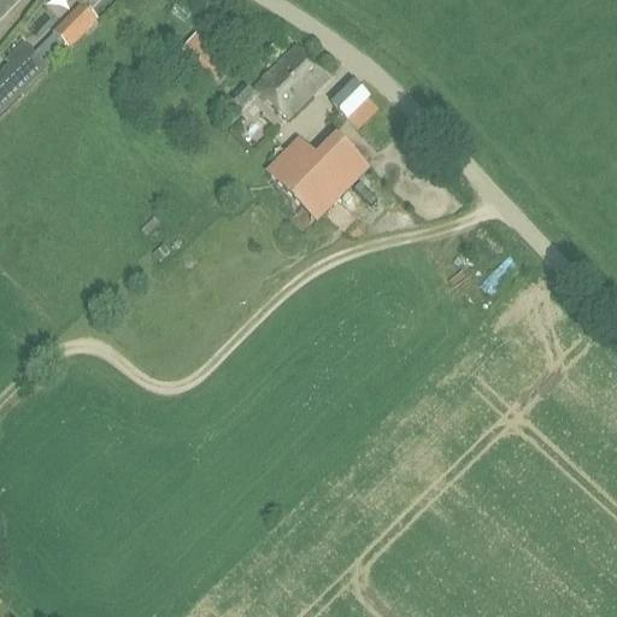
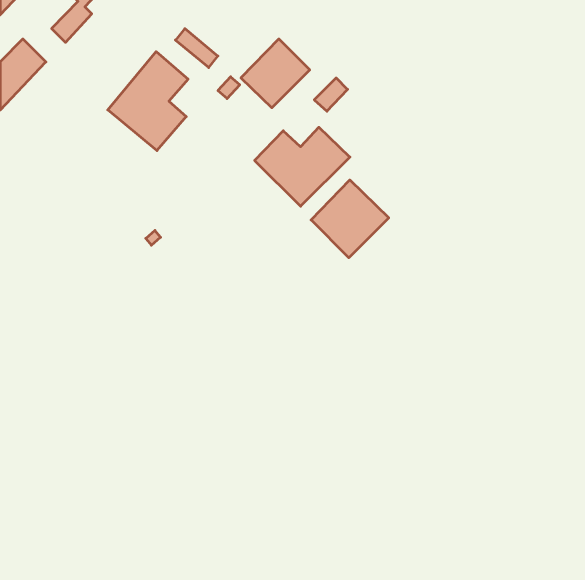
building: none -> [108,52,188,151]
building: none -> [311,180,389,258]

